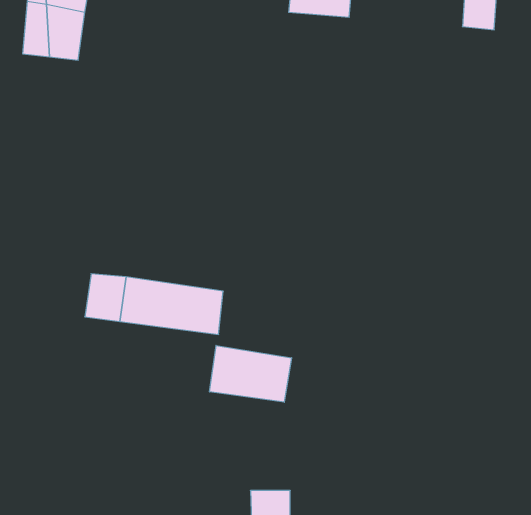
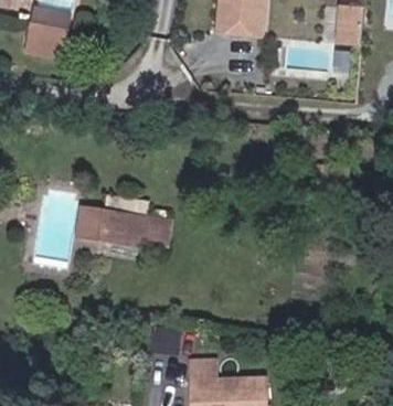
building: [210,345,292,402] -> none

